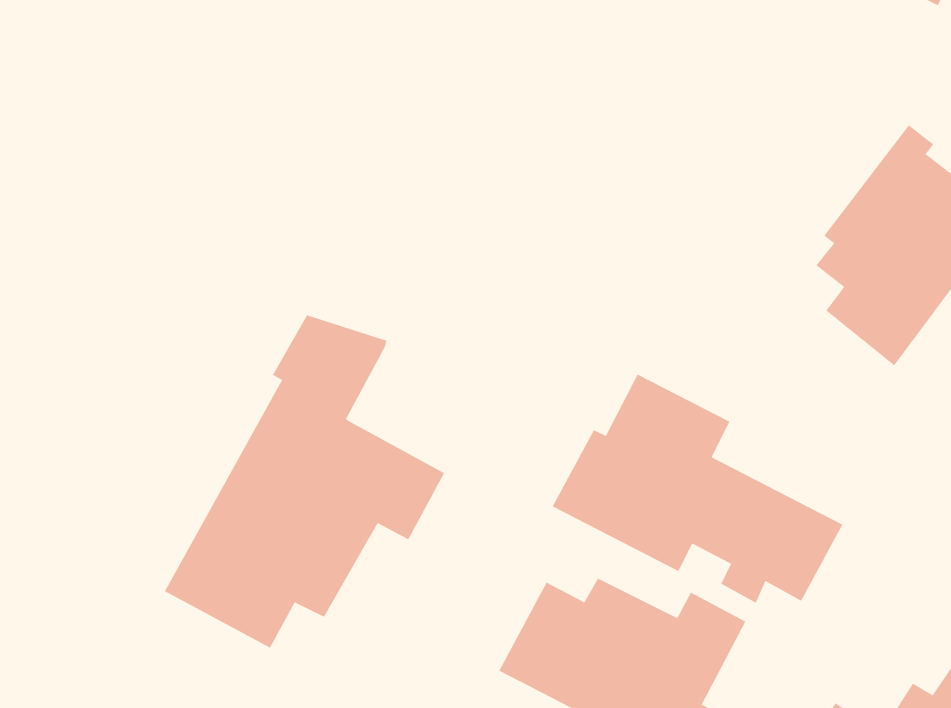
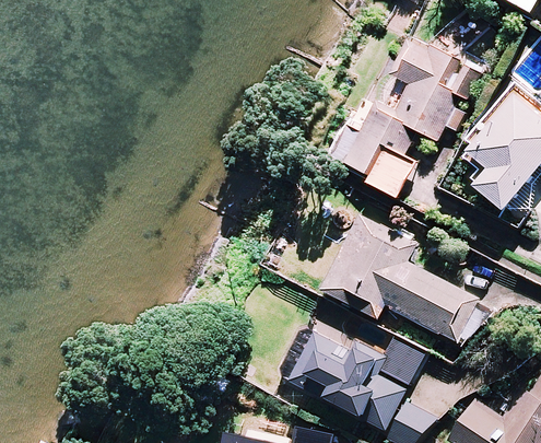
building: none -> [331,37,480,198]
building: [164,314,445,648] -> none

